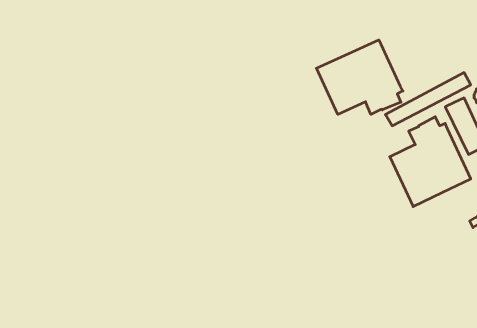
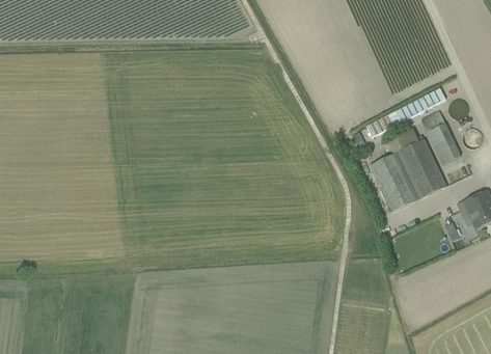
building: [316,40,403,114] -> none

